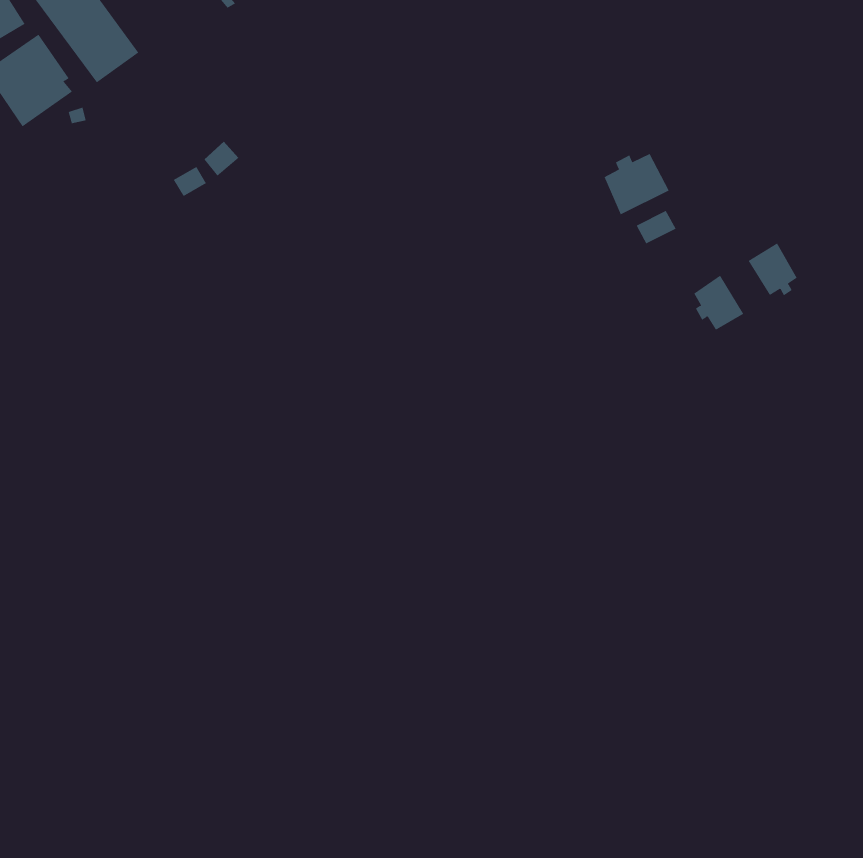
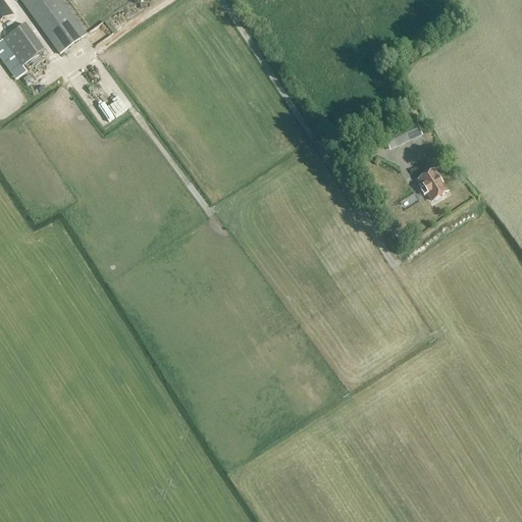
building: [604,153,669,215] -> none
building: [748,242,797,296] -> none

